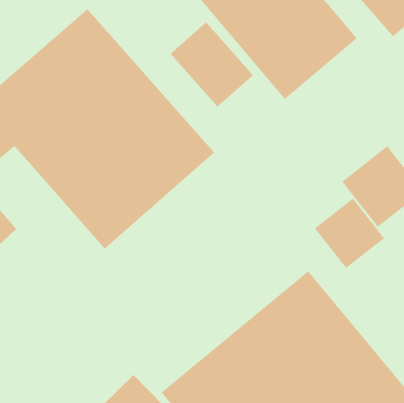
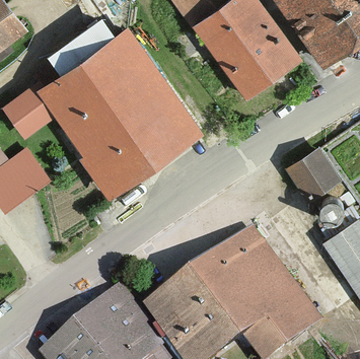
building: [170,22,254,108] -> none
building: [314,198,385,269] -> none

